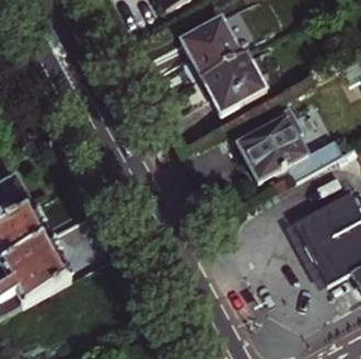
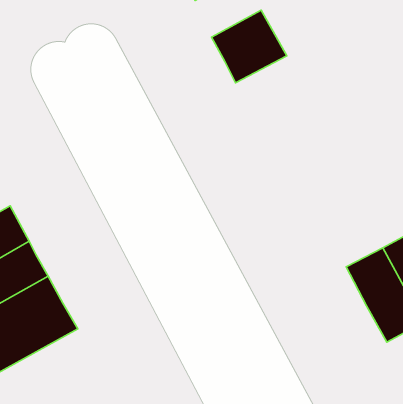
building: [199,53,264,113] -> none
building: [237,107,322,180] -> none

